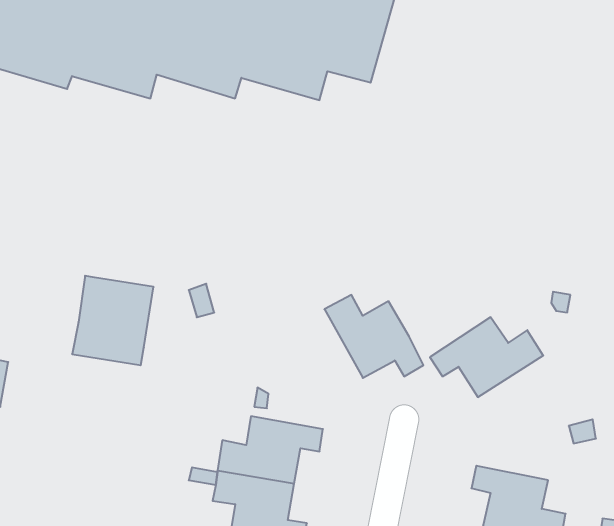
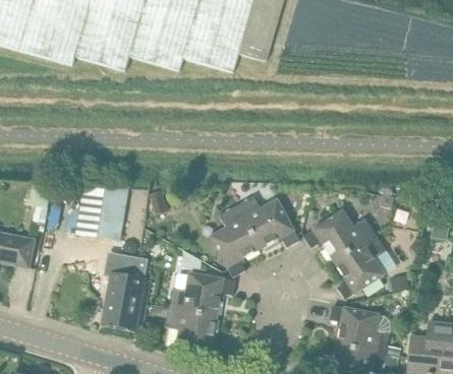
building: none -> [211,204,261,276]
building: none -> [102,229,145,331]
building: none -> [334,234,386,299]

